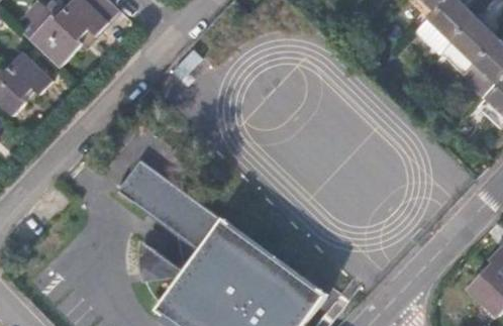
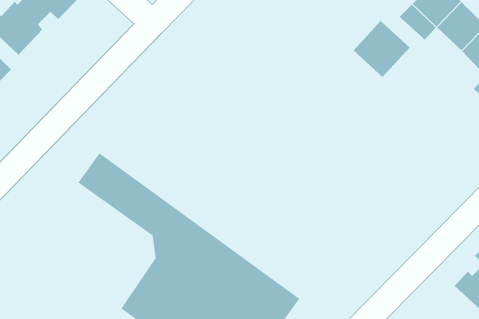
building: none -> [353,20,410,78]

